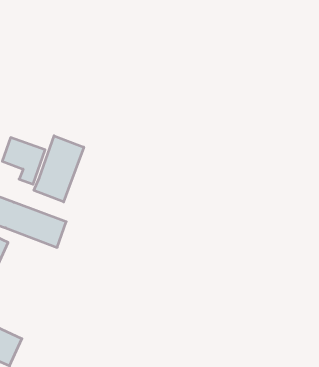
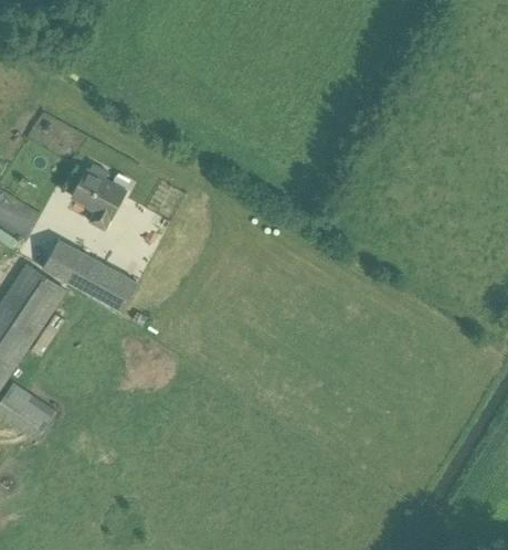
building: [34,136,84,202] -> none

